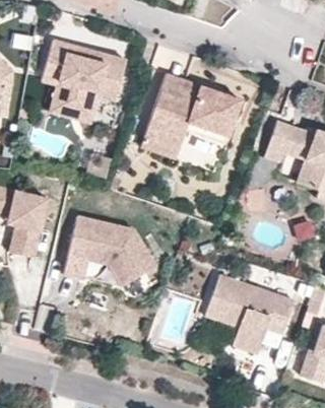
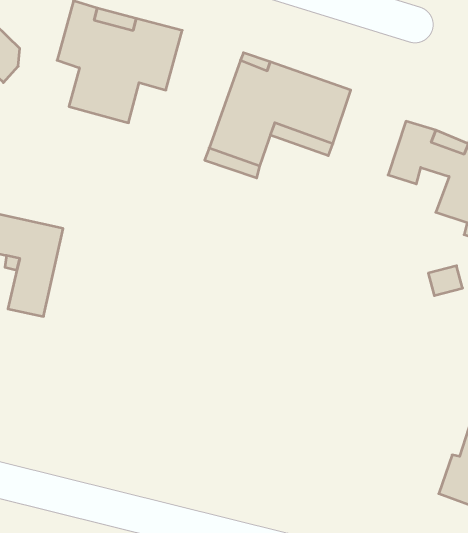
building: [64,215,155,285] -> none
building: [204,274,295,355] -> none

